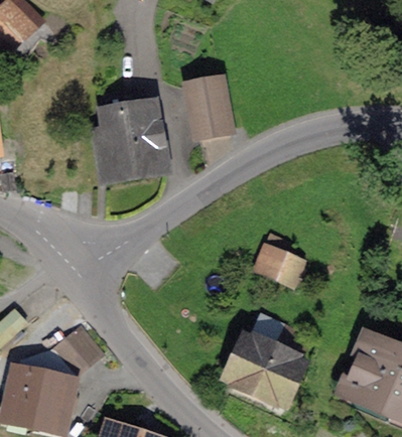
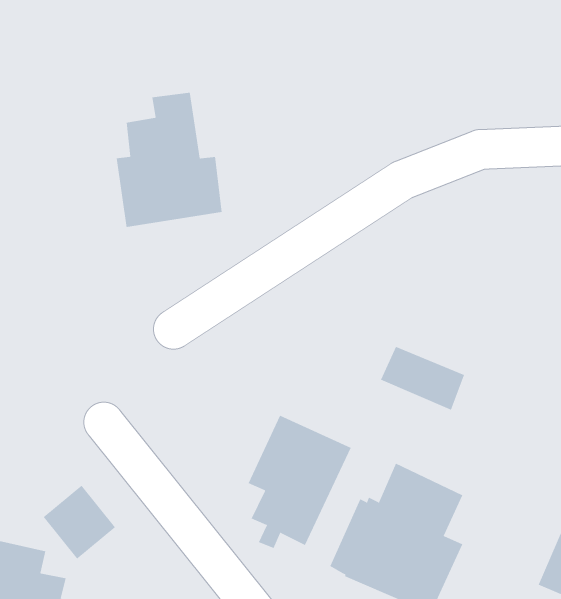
building: [187,82,227,135] -> none
building: none -> [248,415,352,549]

